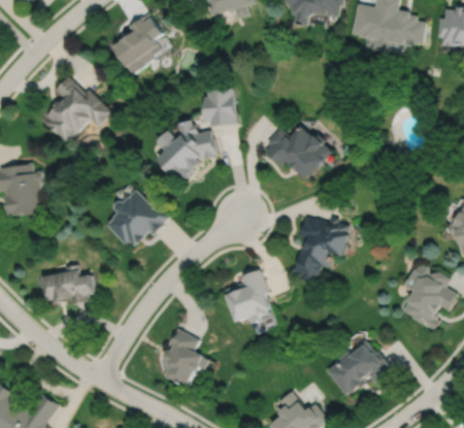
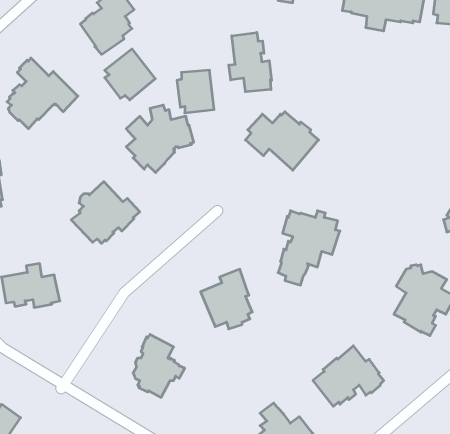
building: none -> [229,32,272,92]
building: none -> [105,49,155,100]

